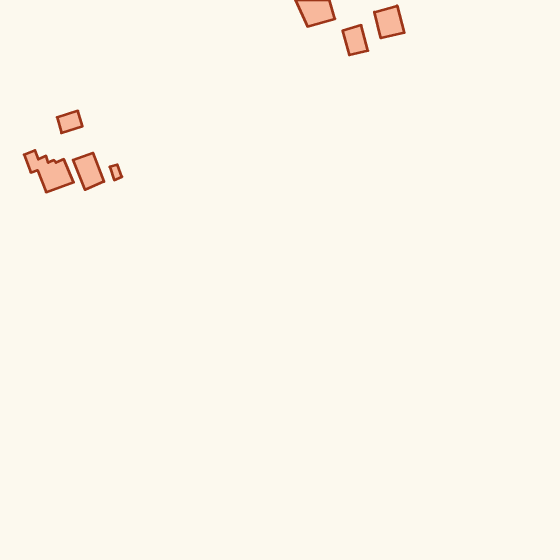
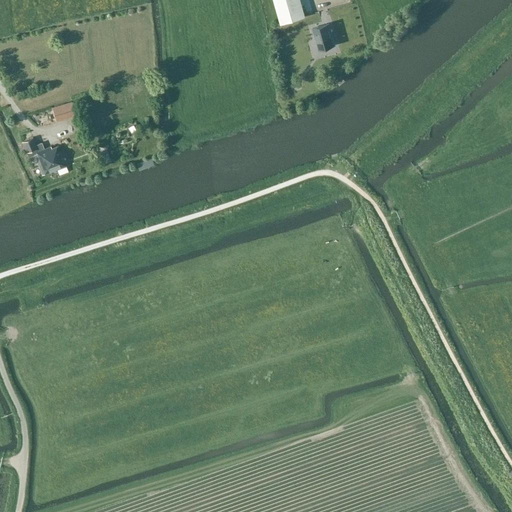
building: [374,6,404,38] -> none
building: [73,153,104,190] -> none

